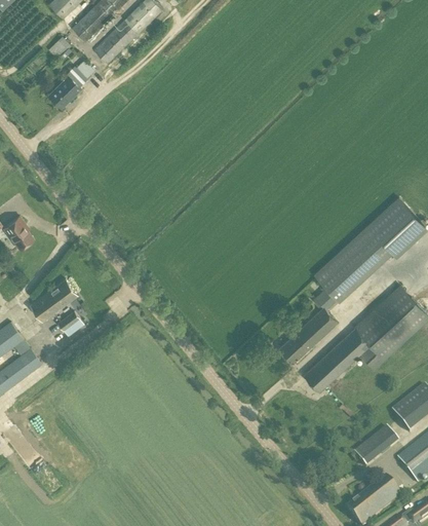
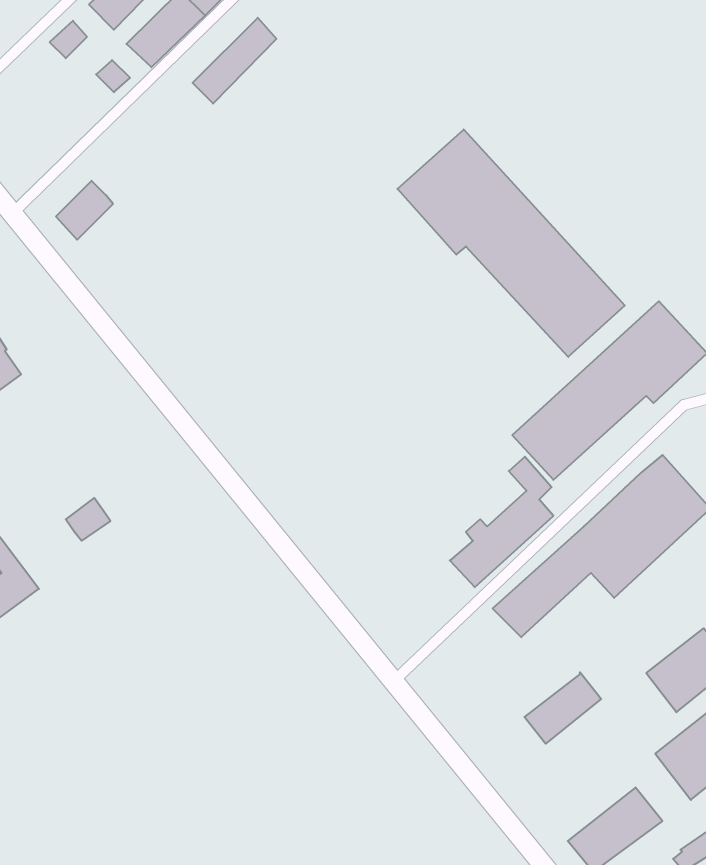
building: none -> [193,18,276,104]
building: [49,74,82,108] -> [56,181,113,240]
building: none -> [397,129,625,357]
building: [30,277,78,321] -> none
building: [355,426,399,467] -> [524,672,601,744]

